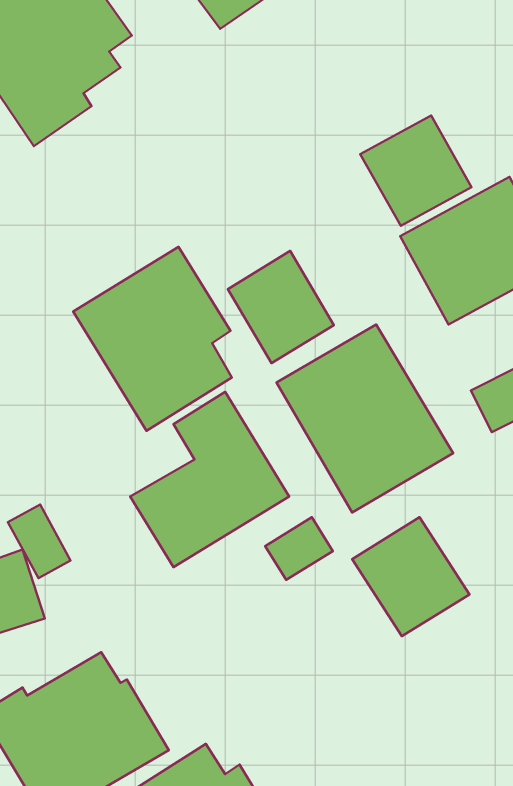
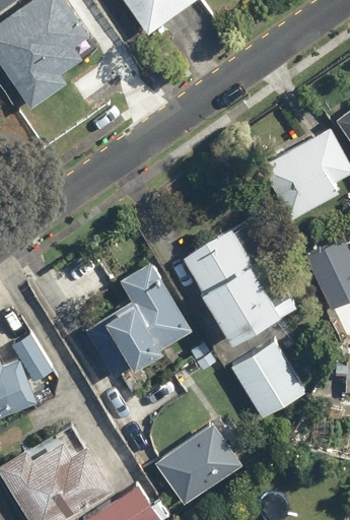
building: [360,116,472,226] -> none
building: [73,247,232,431] -> none
building: [228,251,334,363] -> none
building: none -> [154,425,241,508]

